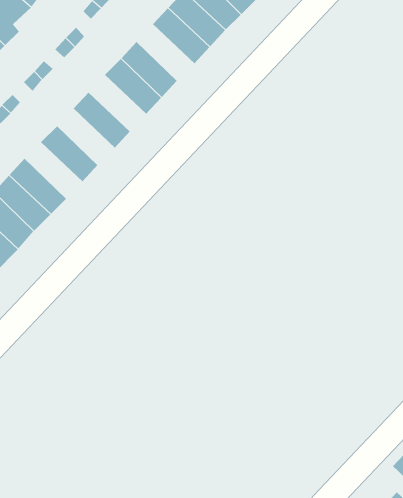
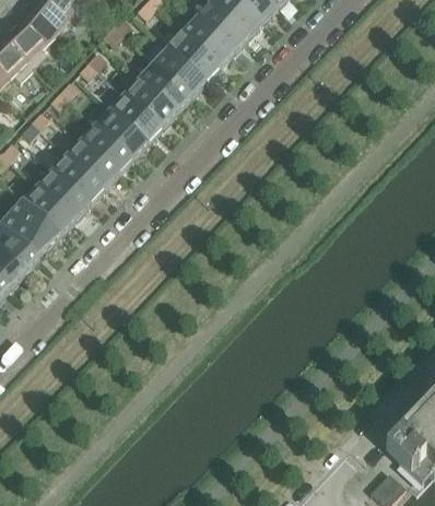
building: none -> [151,47,203,98]
building: none -> [107,93,160,144]
building: none -> [79,123,131,175]
building: none -> [49,154,102,205]

